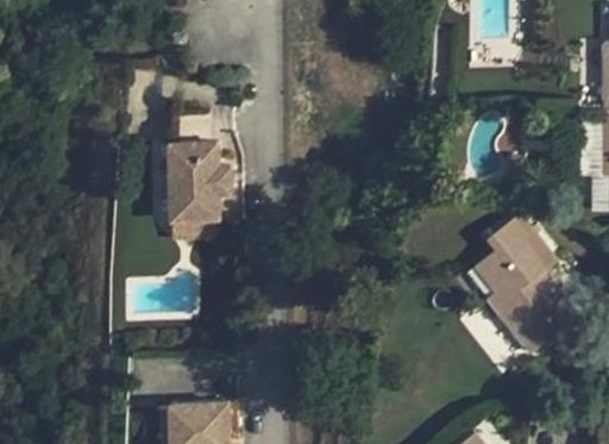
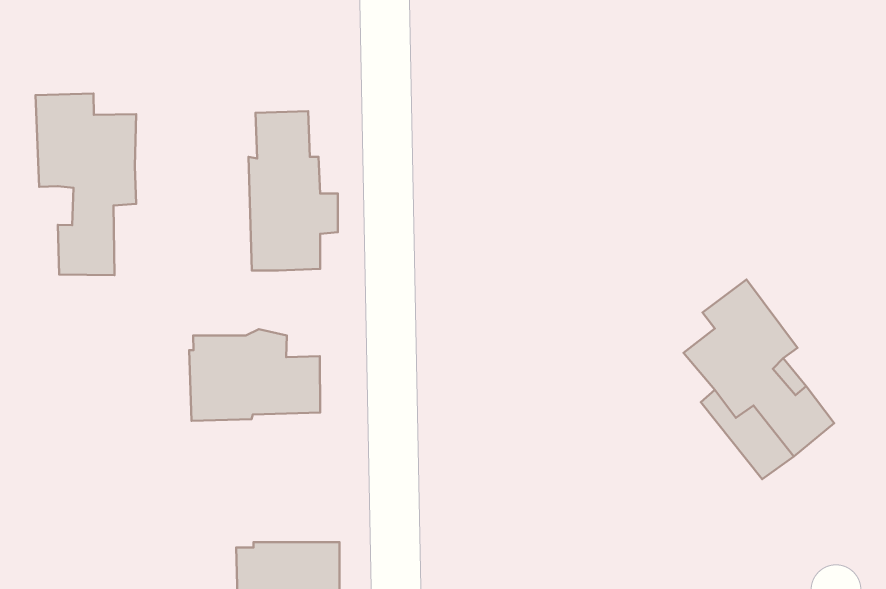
building: none -> [35,93,136,275]
building: none -> [189,329,320,421]

